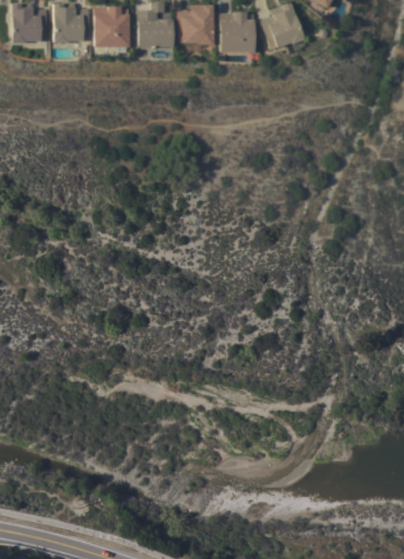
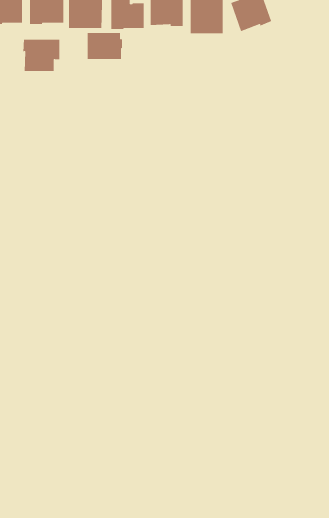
building: none -> [87,32,123,60]
building: none -> [22,39,60,72]

